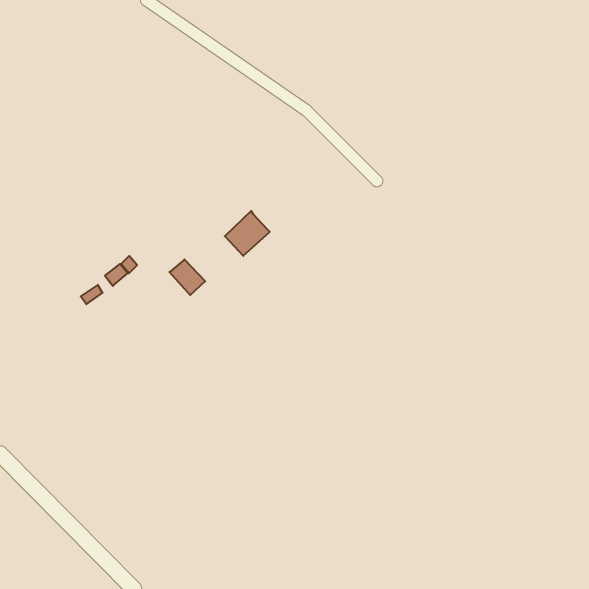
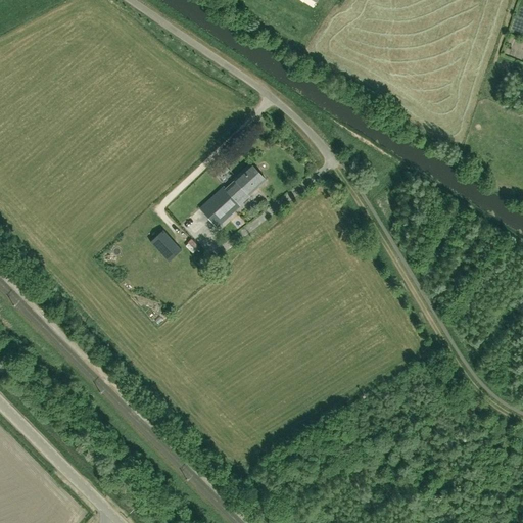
building: none -> [225,163,266,203]

